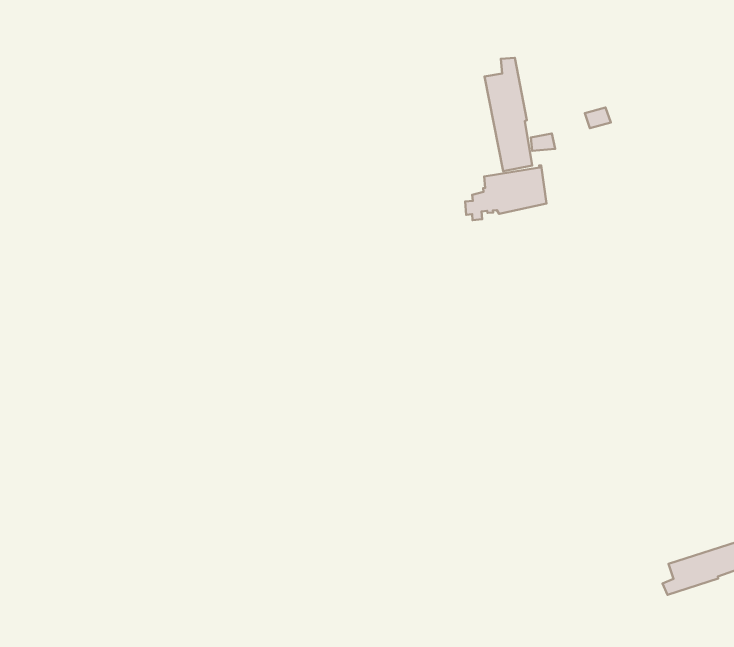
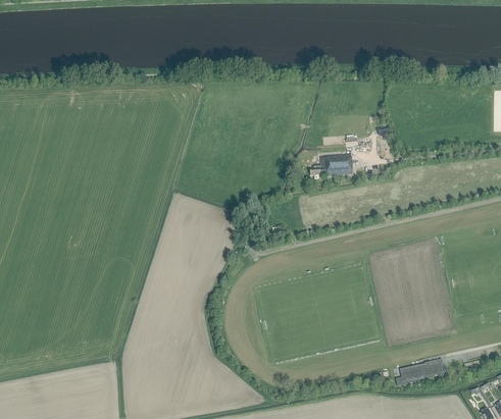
building: [484,58,532,171] -> none

